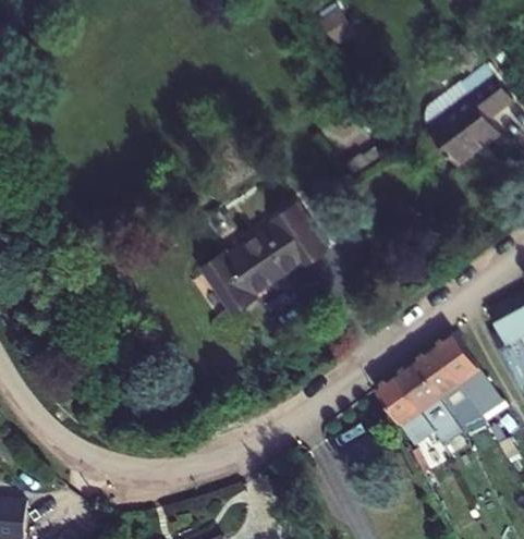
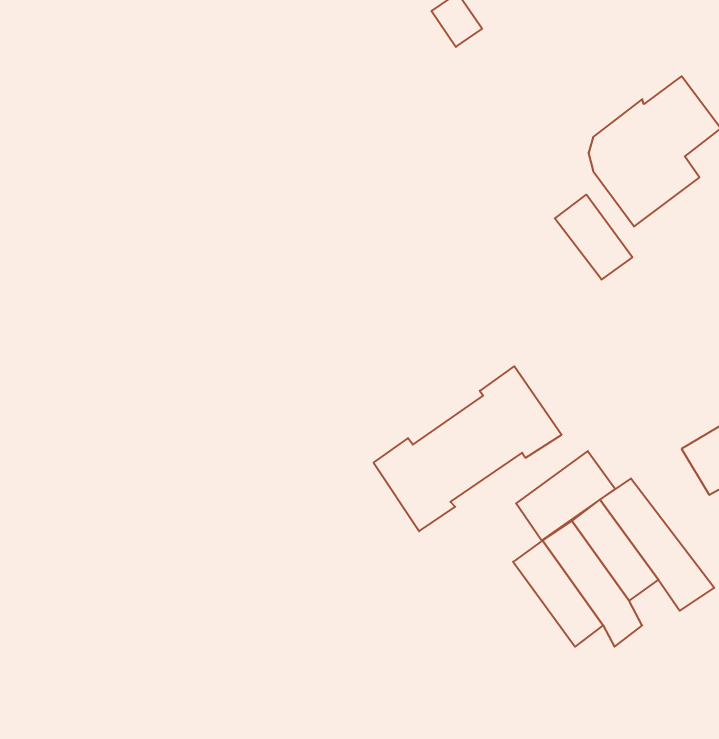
building: none -> [555,195,632,280]
building: [202,206,327,316] -> [374,366,562,531]
building: none -> [516,451,615,541]

